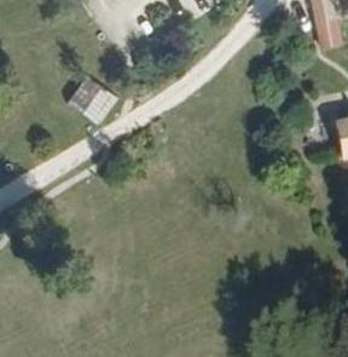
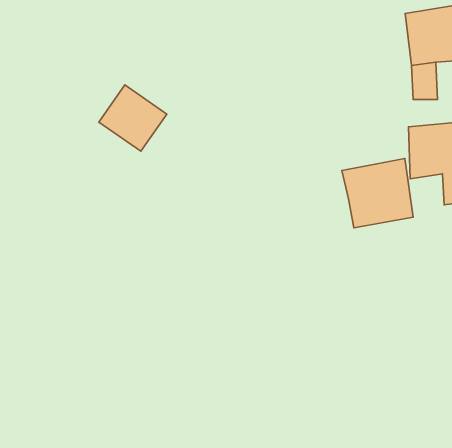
building: none -> [342,158,413,228]

